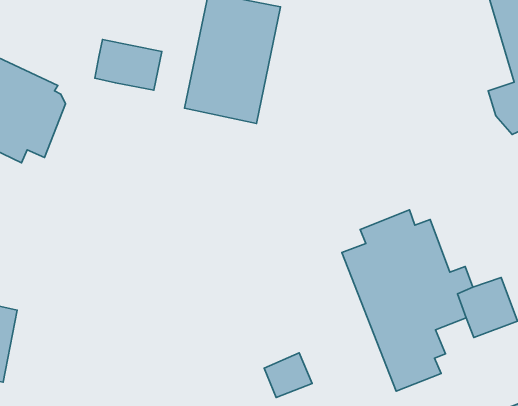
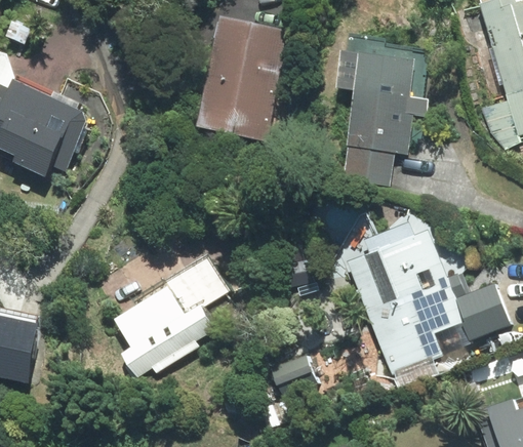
building: none -> [336,34,431,188]
building: [95,39,162,90] -> none
building: none -> [116,256,230,377]

